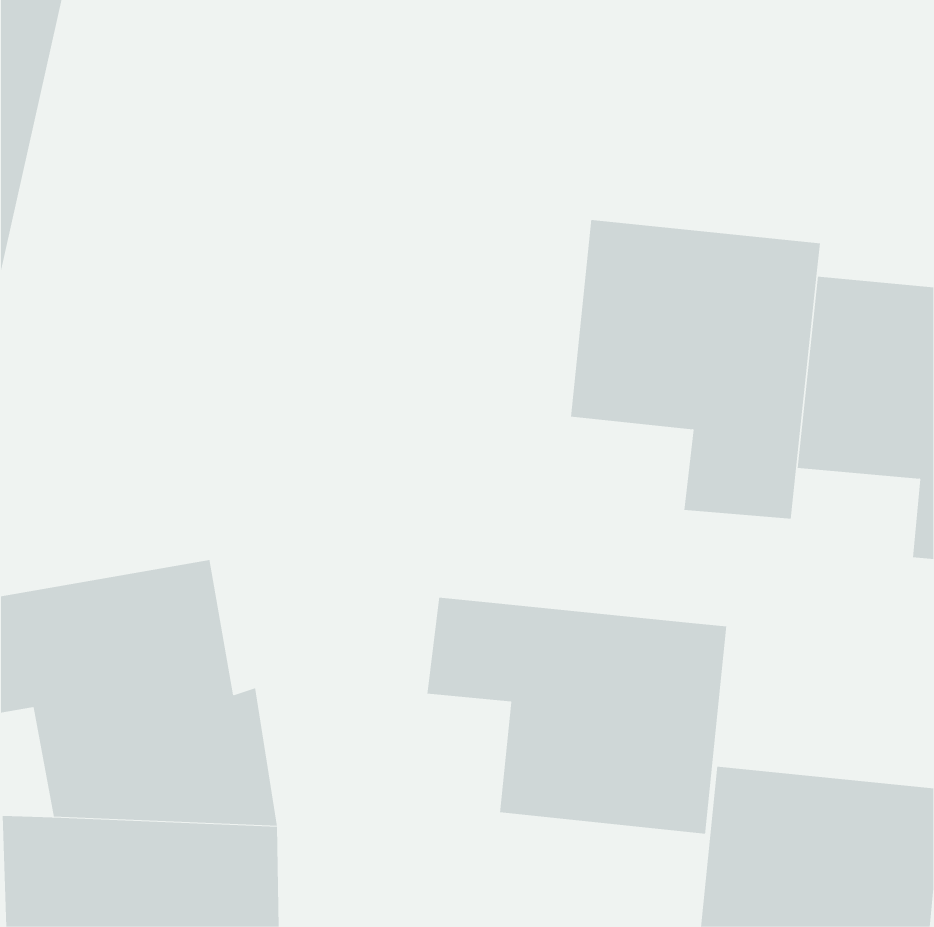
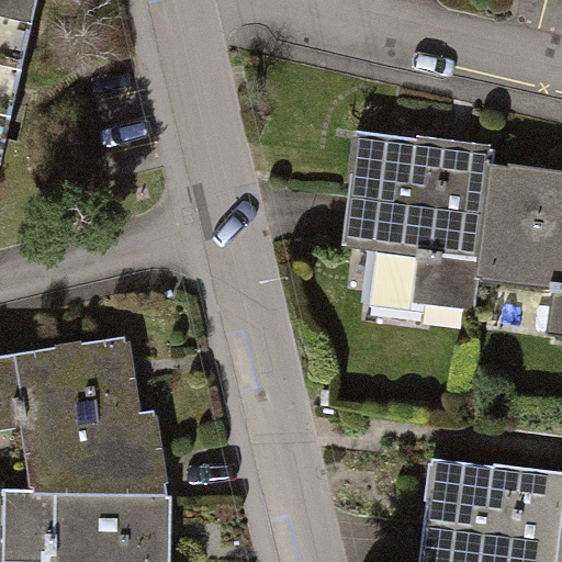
building: [427,597,727,834] -> none

